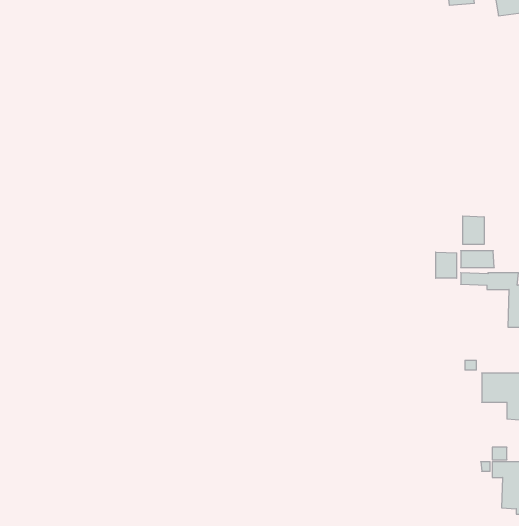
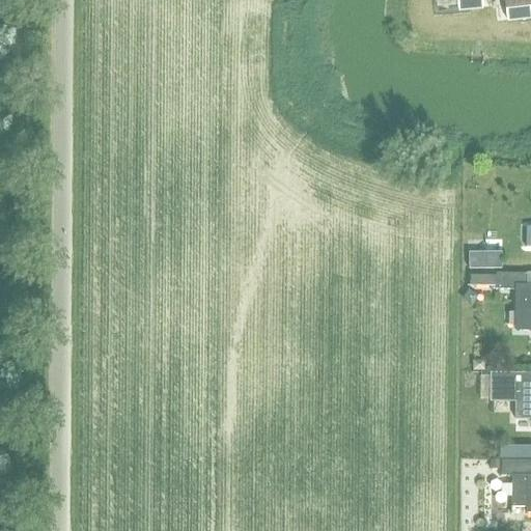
building: [463,216,484,244] -> none
building: [436,252,457,278] -> none

